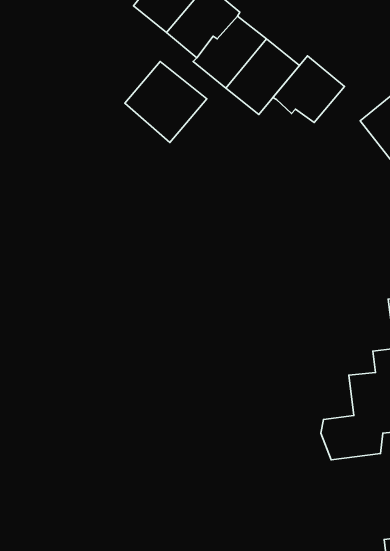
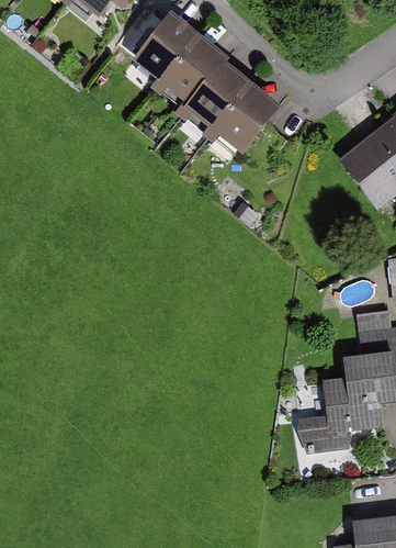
building: [273,56,345,122] -> none
building: [125,61,207,142] -> none

